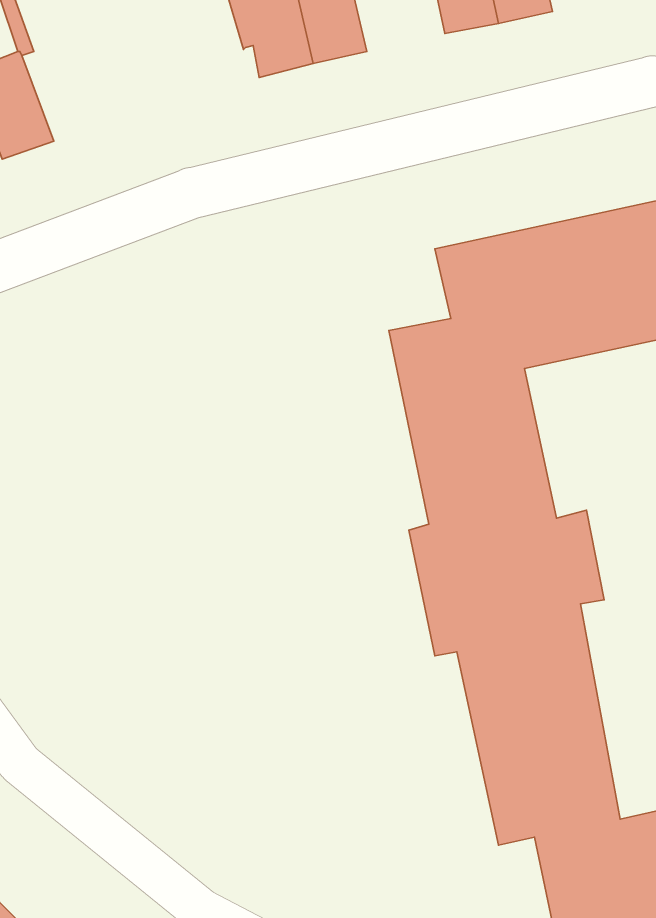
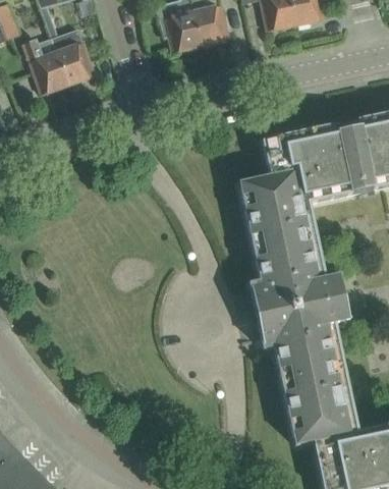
building: none -> [52,32,95,86]

